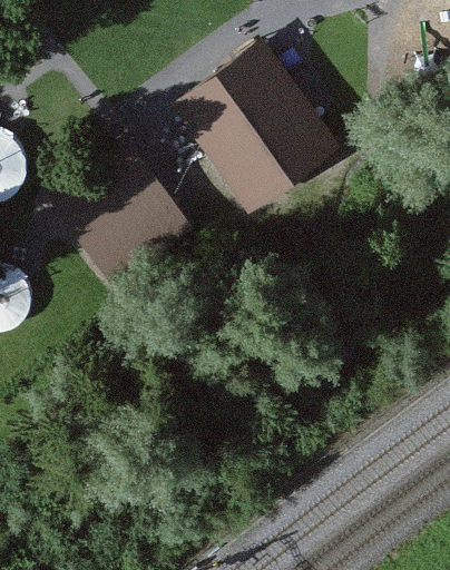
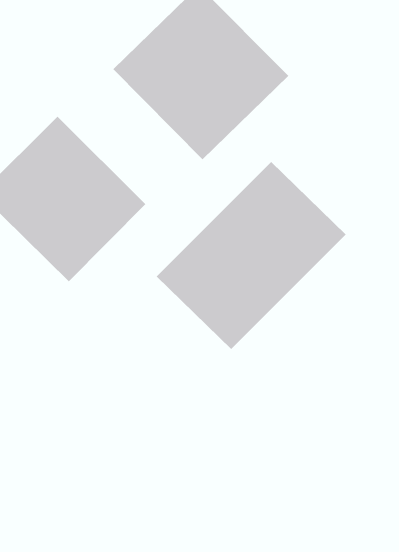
building: none -> [156,161,347,350]

